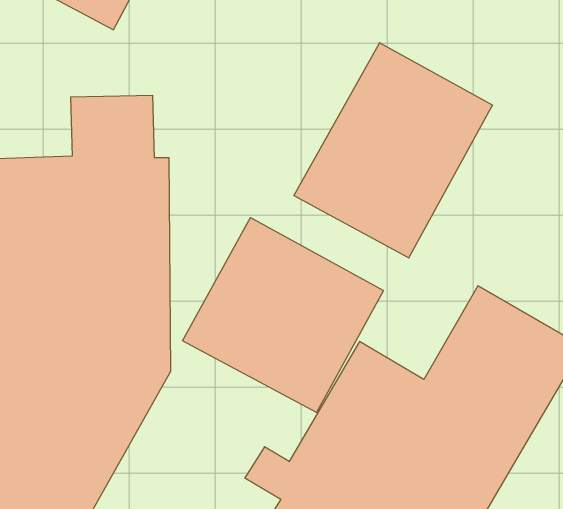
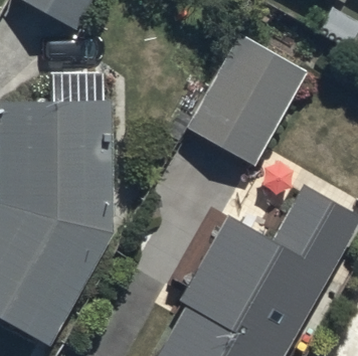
building: [182,218,383,413] -> none

